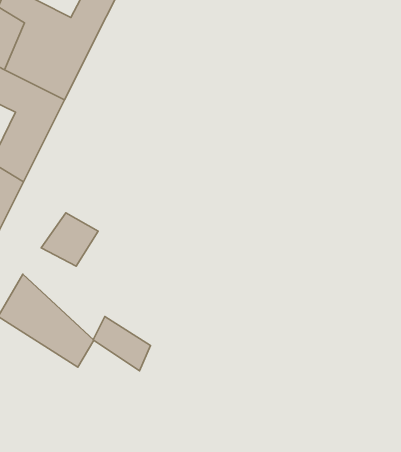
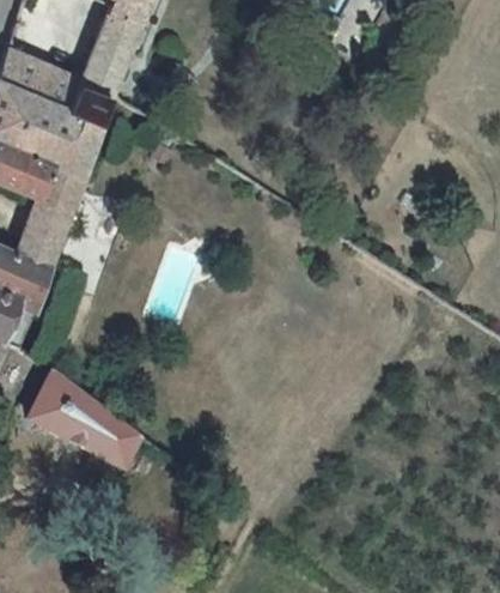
building: [41,213,98,266] -> none
building: [93,316,151,371] -> none

